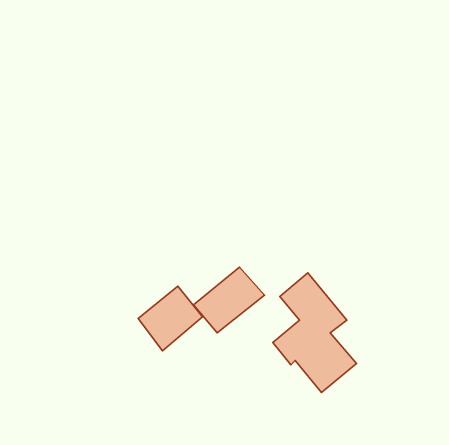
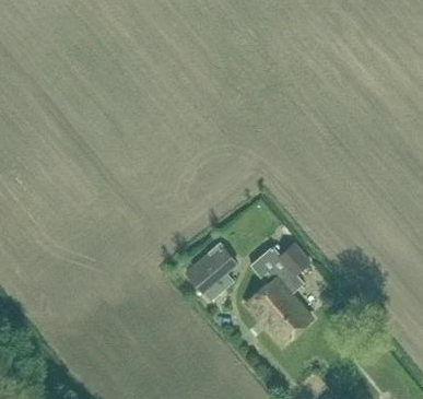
building: [138,286,202,351] -> none

